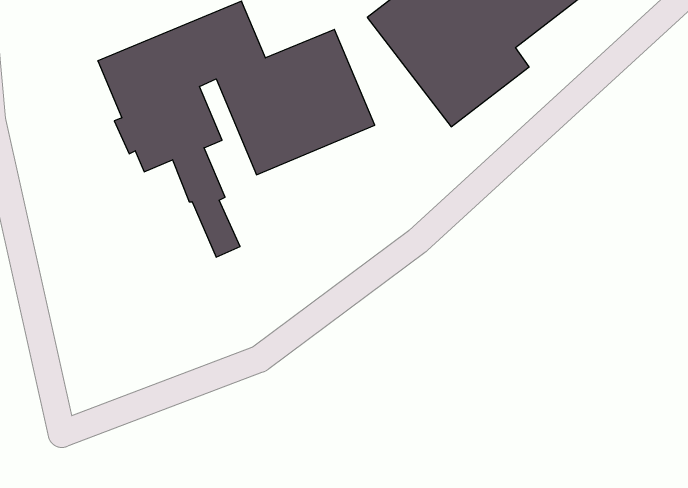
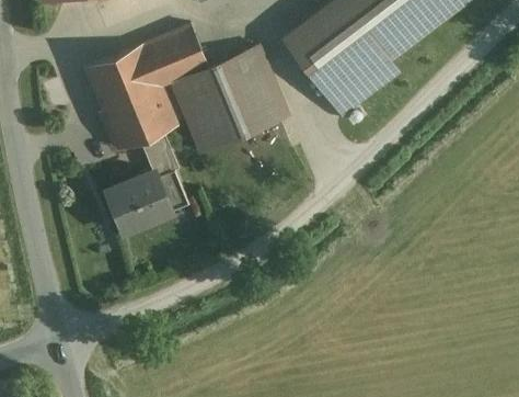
building: none -> [106,171,172,232]

